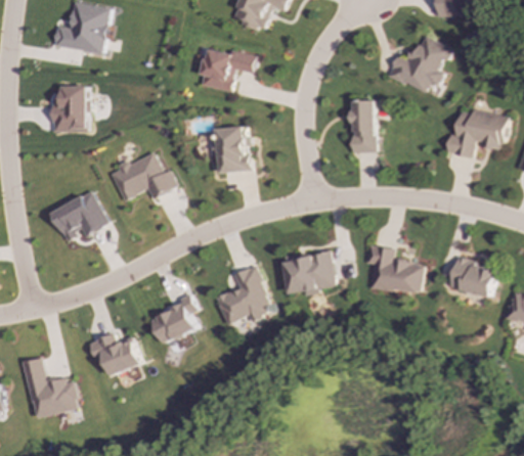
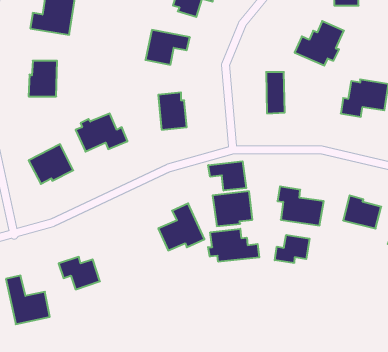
building: none -> [208,161,246,191]
building: [150,293,196,344] -> none
building: none -> [208,229,259,262]
building: none -> [275,235,310,263]

